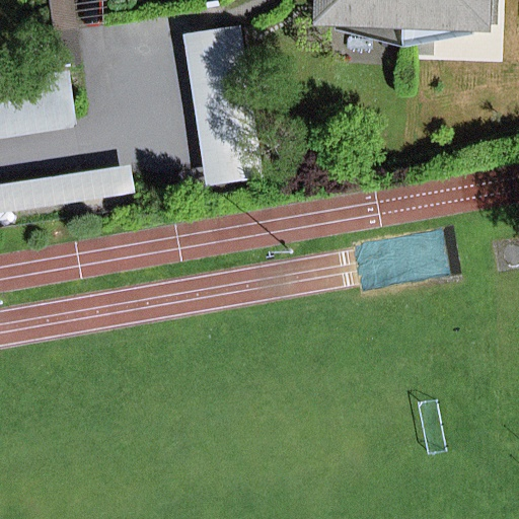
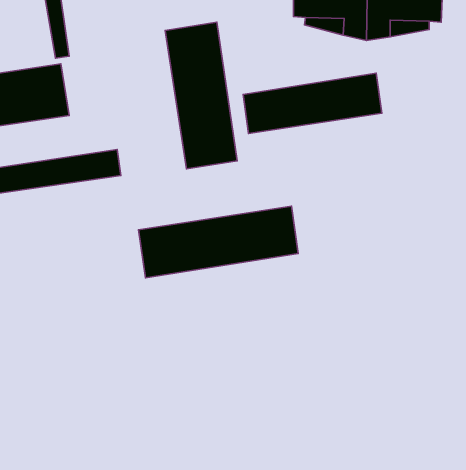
building: none -> [243,73,382,134]
building: none -> [139,206,298,278]

